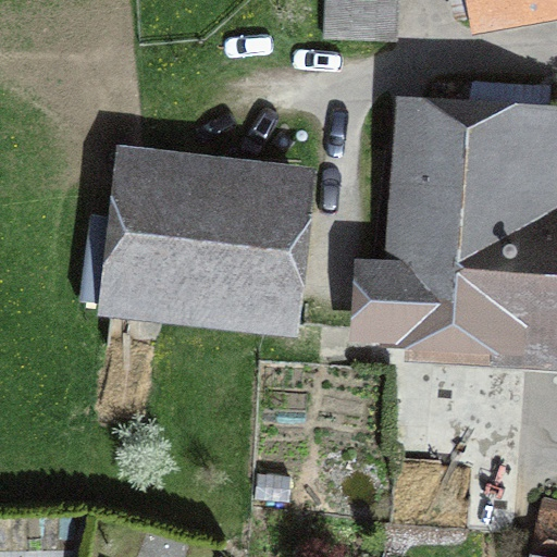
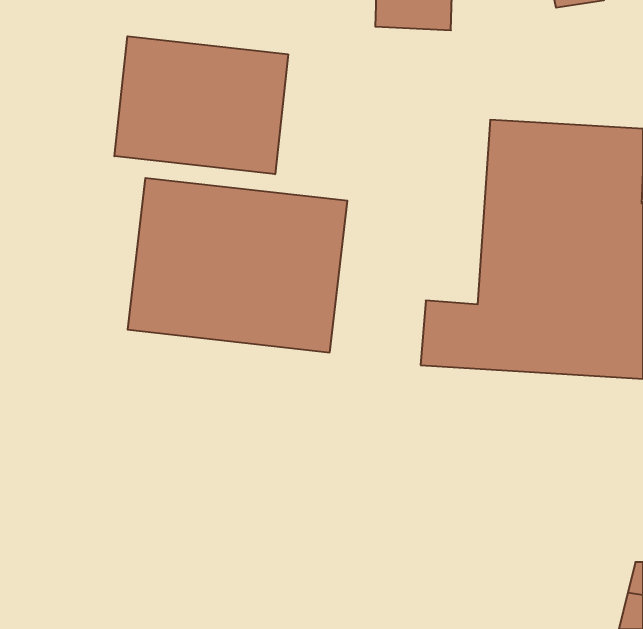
building: none -> [114,36,288,174]

